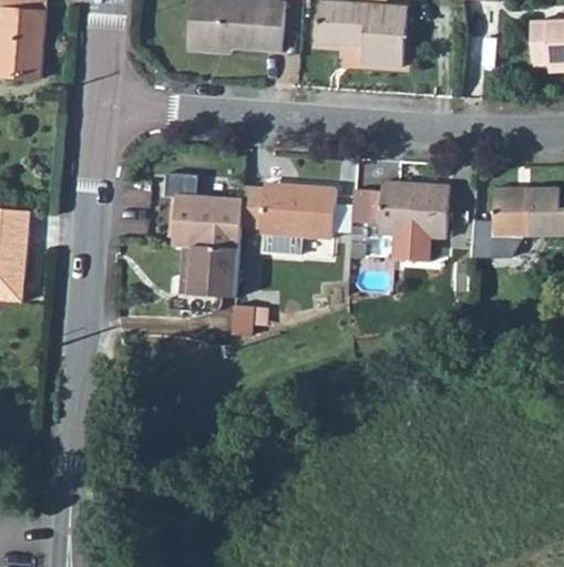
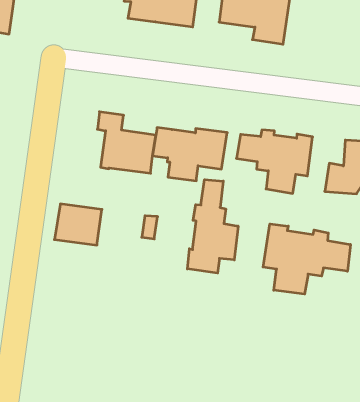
building: [180,246,239,297] -> [54,204,102,245]
building: none -> [187,180,238,273]
building: none -> [263,224,350,294]

